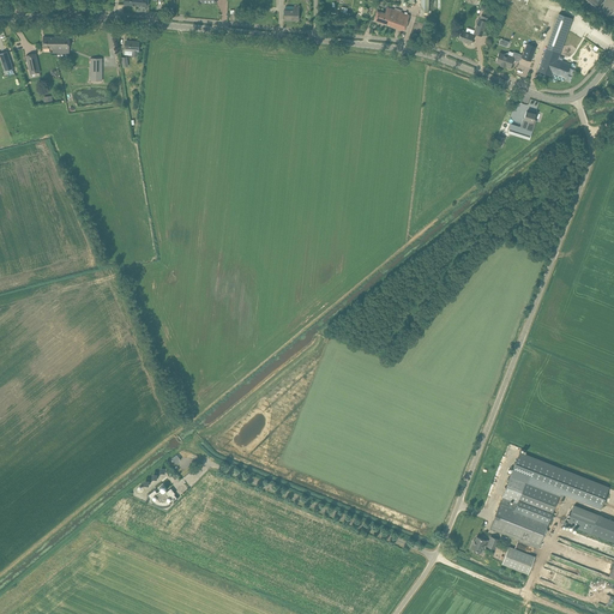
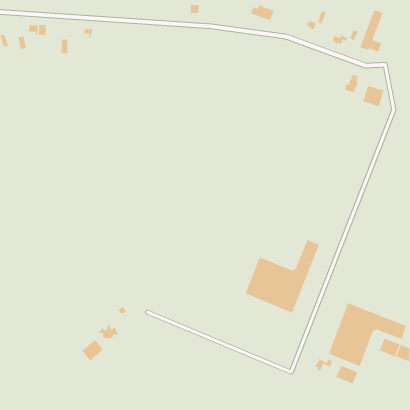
building: none -> [362,85,384,107]
building: none -> [245,239,319,313]
building: none -> [81,339,104,361]

